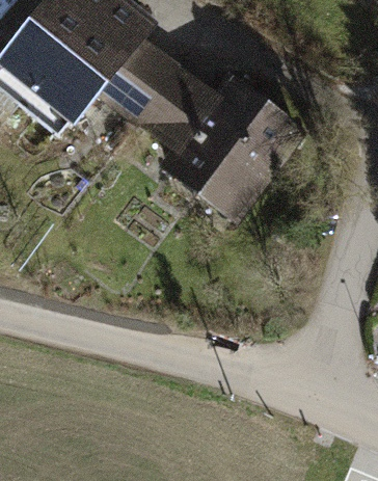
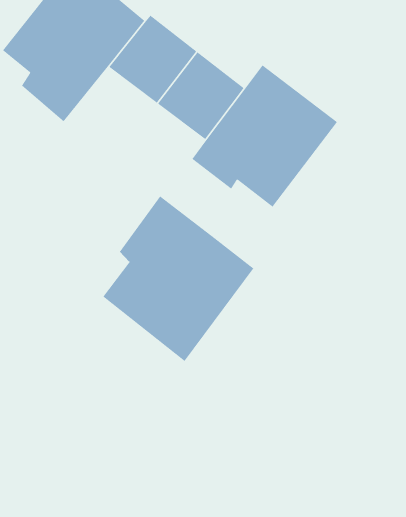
building: none -> [103,196,254,362]

